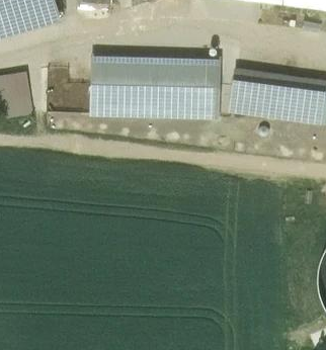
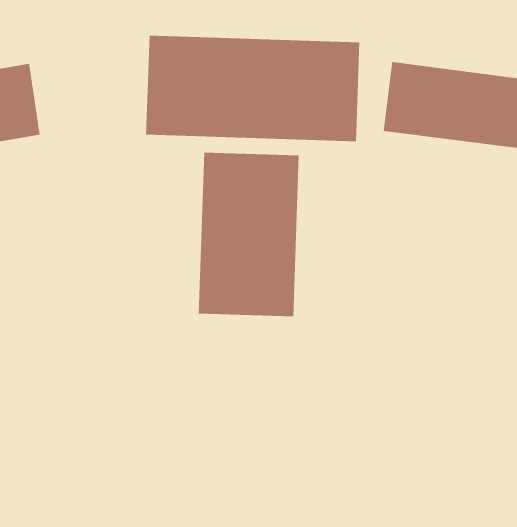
building: none -> [198,152,299,317]

